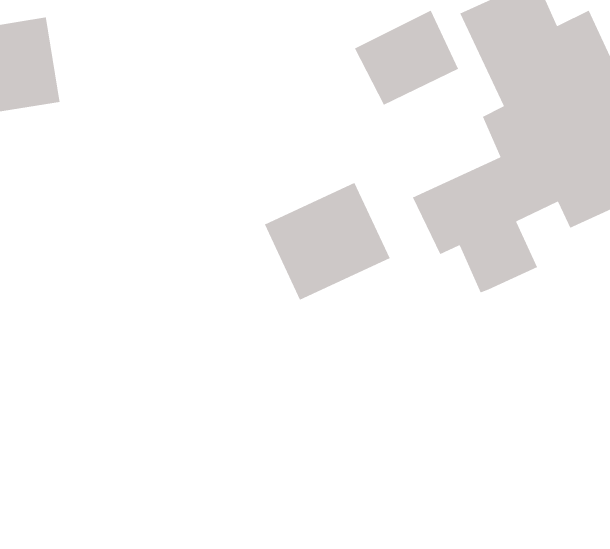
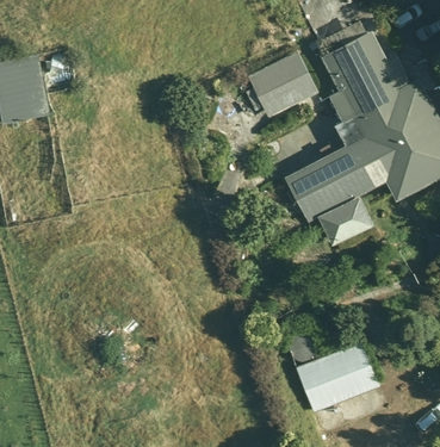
building: [264,182,391,301] -> none
building: none -> [295,341,379,411]

